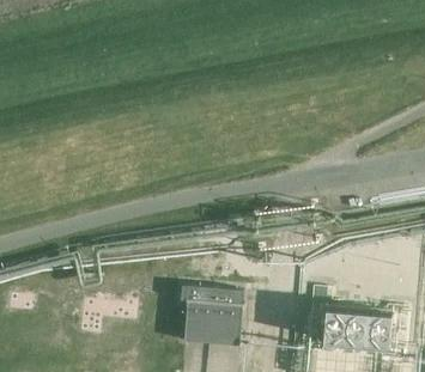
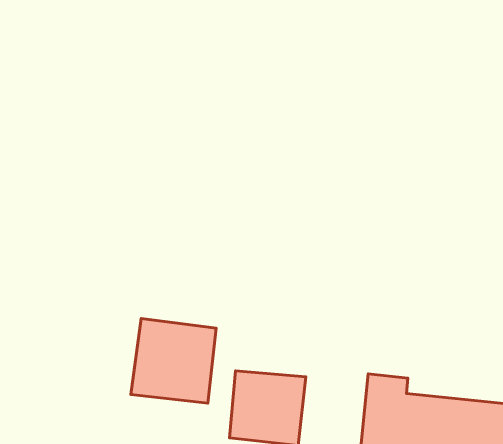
building: none -> [131,318,216,403]

